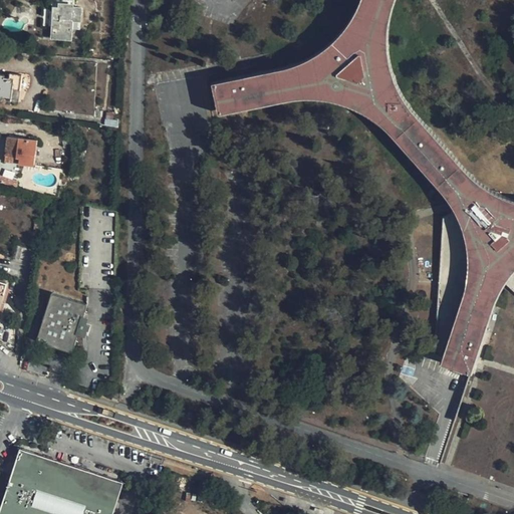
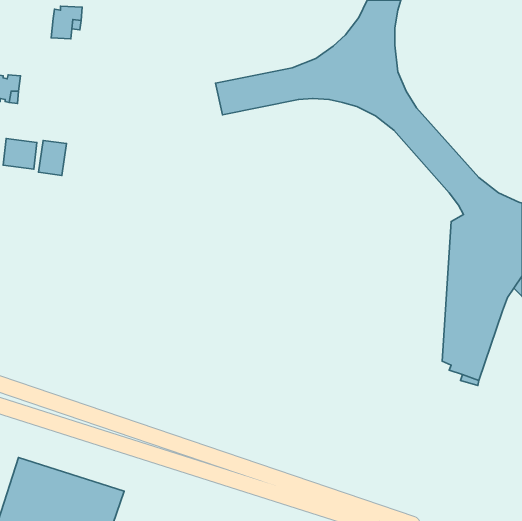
building: none -> [38,140,66,175]
building: [35,295,84,353] -> none

